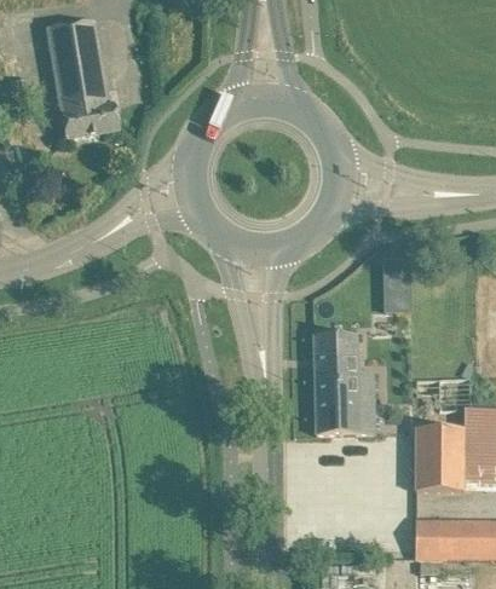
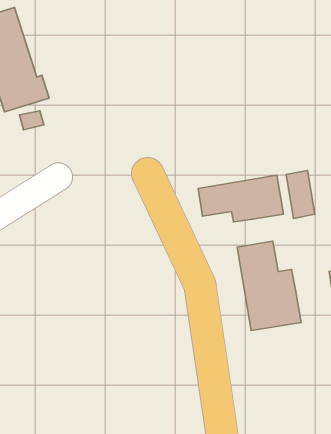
building: none -> [198,175,284,222]

